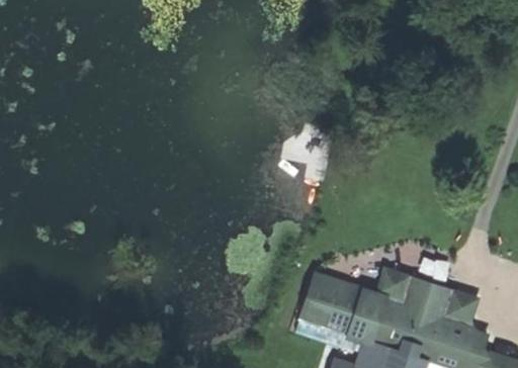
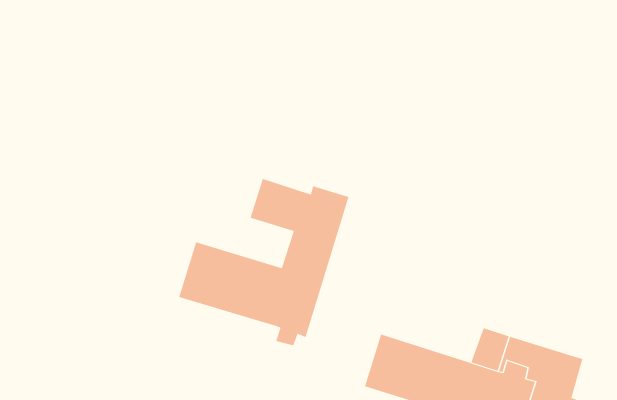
building: none -> [178,178,349,346]

